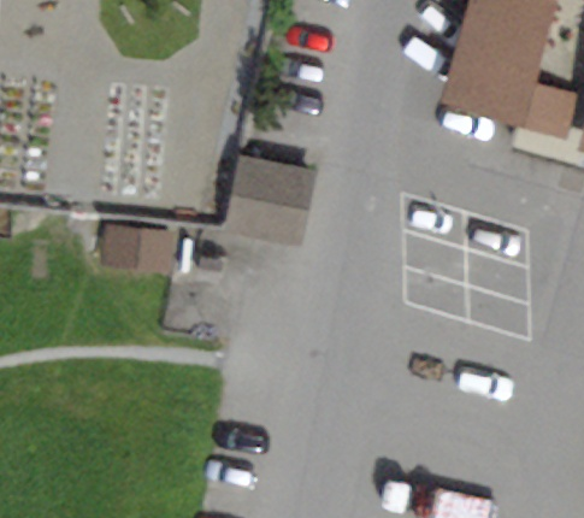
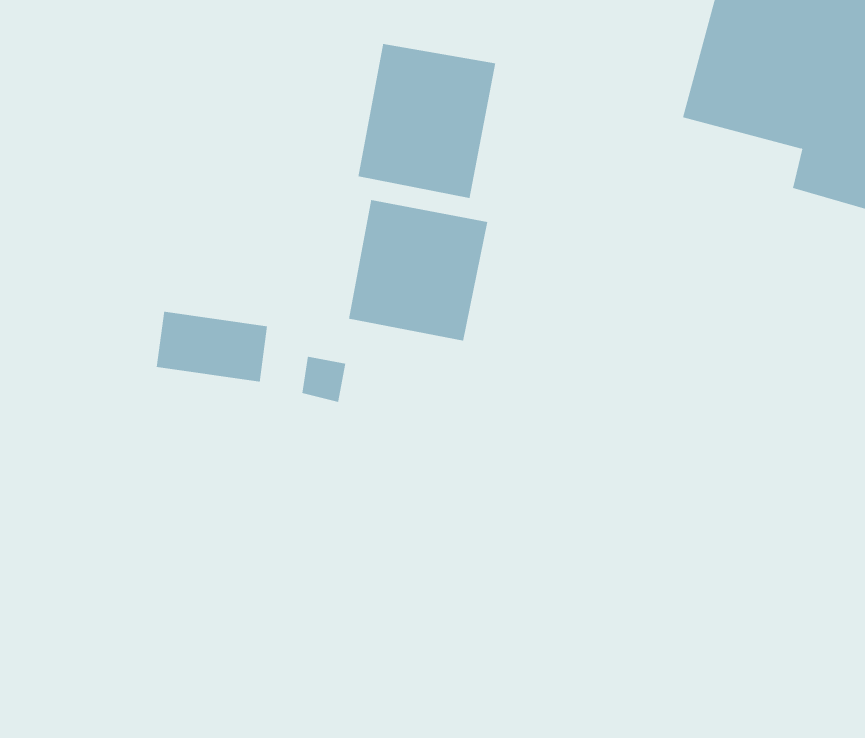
building: none -> [358,43,496,199]

